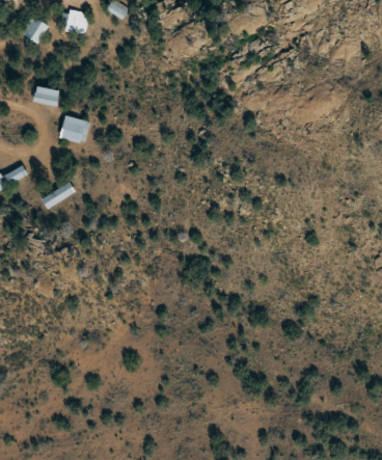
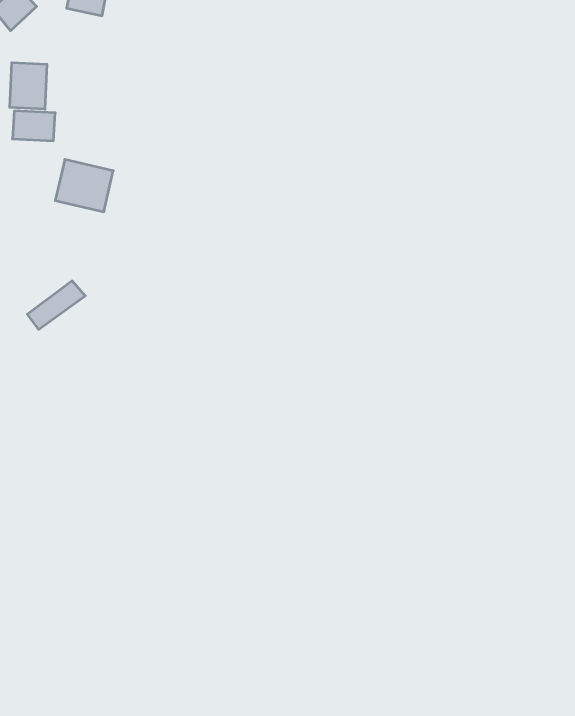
building: none -> [10,63,47,109]

